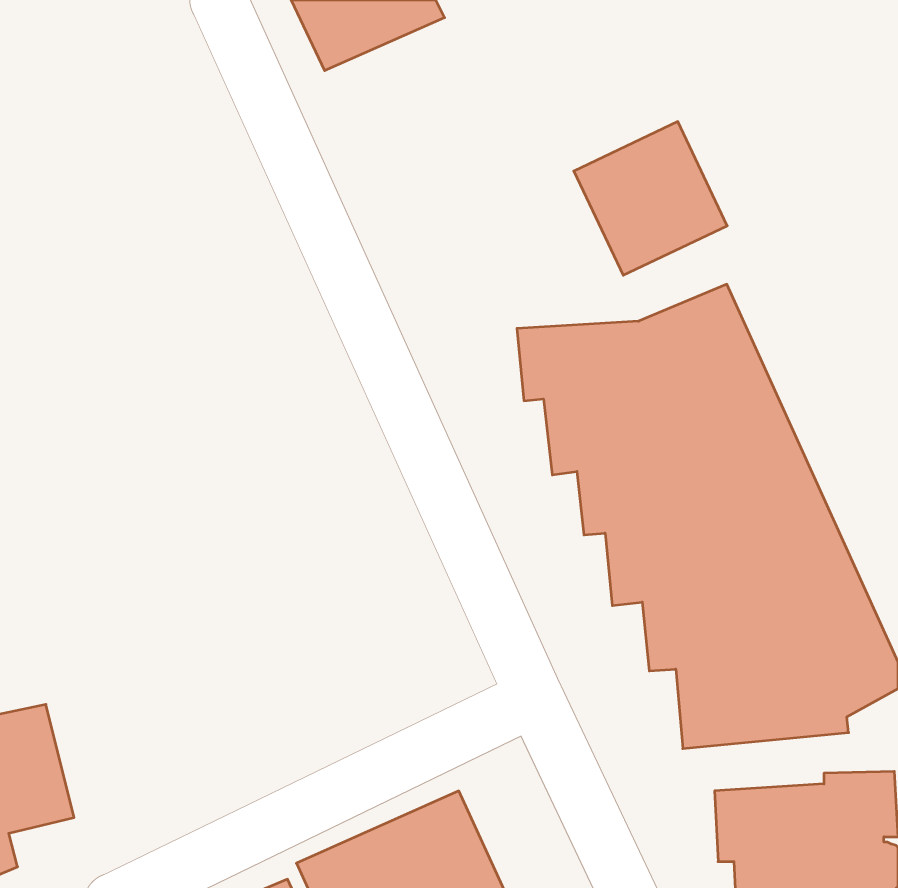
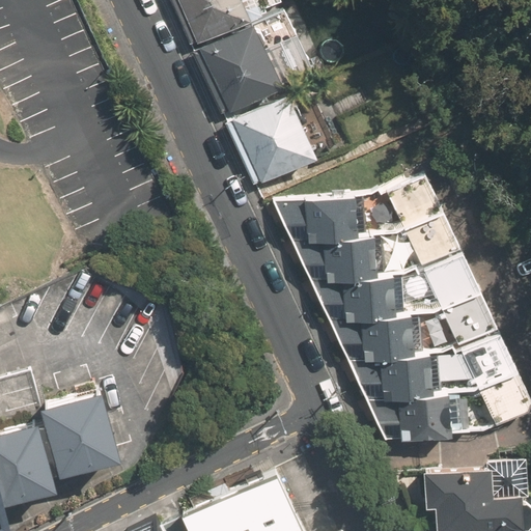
building: none -> [191,26,314,120]
building: [574,122,727,275] -> [226,100,316,190]
building: none -> [40,391,120,477]

